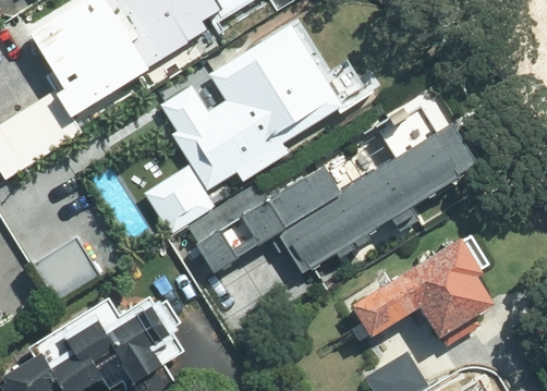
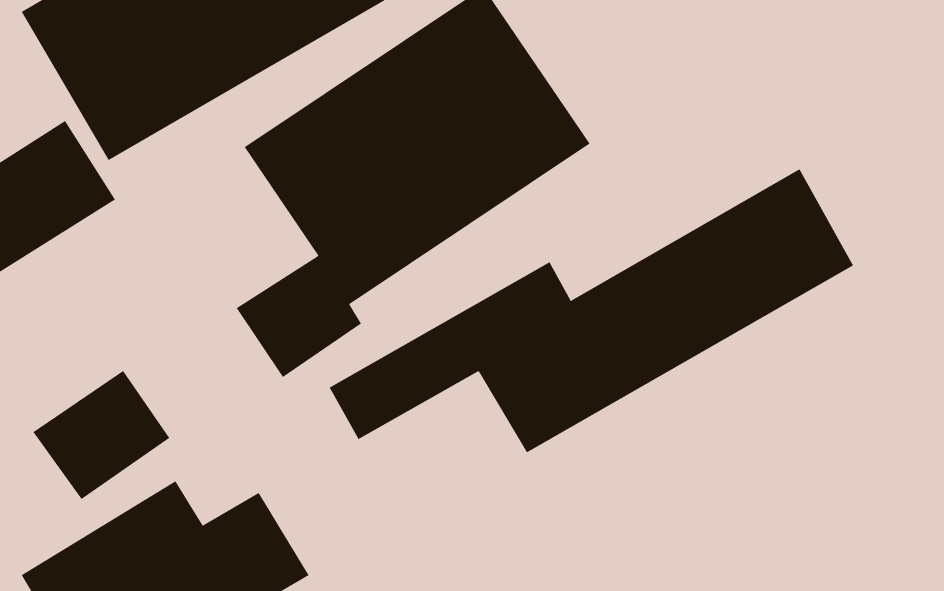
building: [350,241,499,340] -> none

